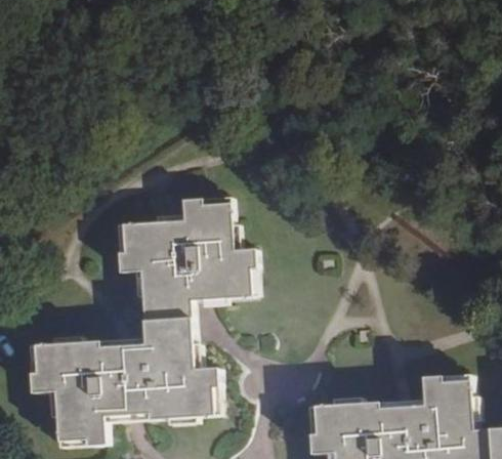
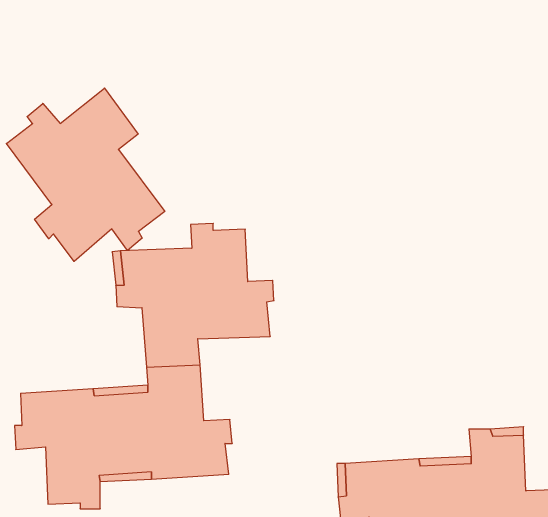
building: none -> [6,88,165,261]

